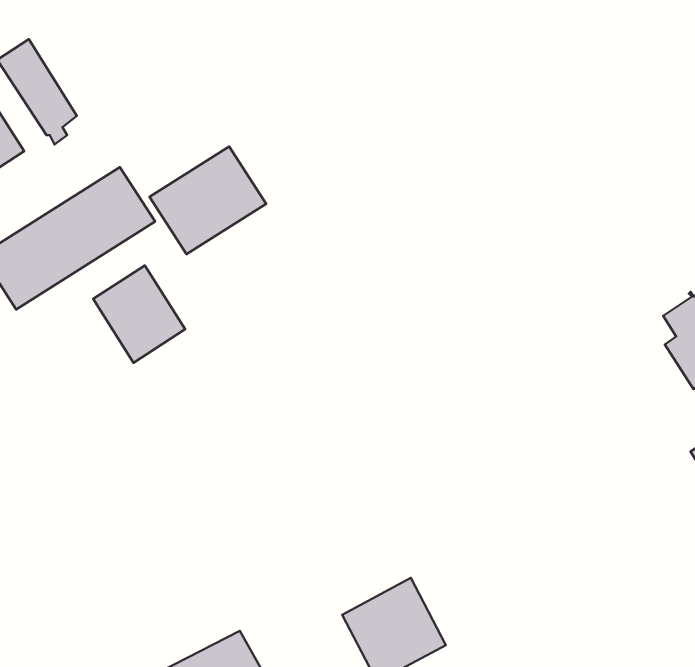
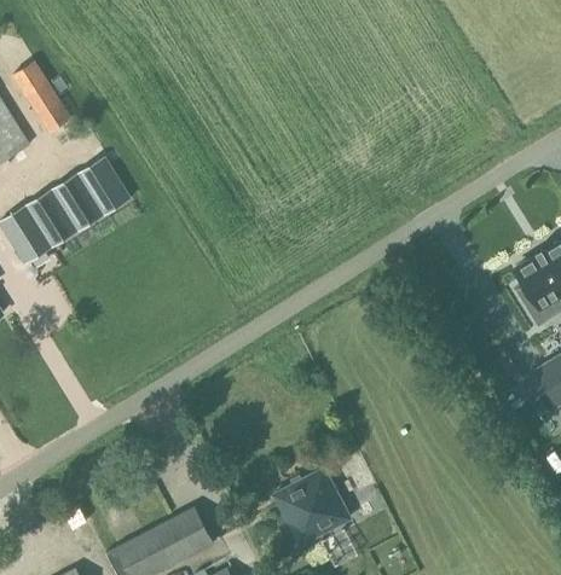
building: [149,146,266,254] -> none
building: [93,265,185,363] -> none

